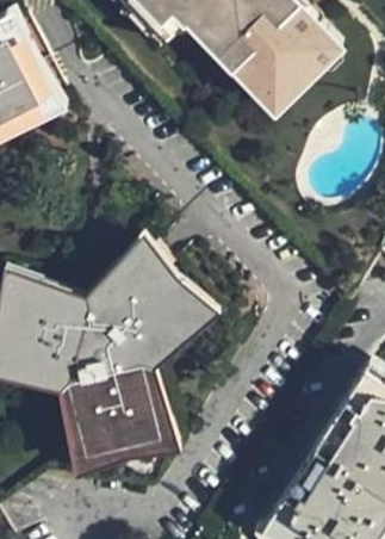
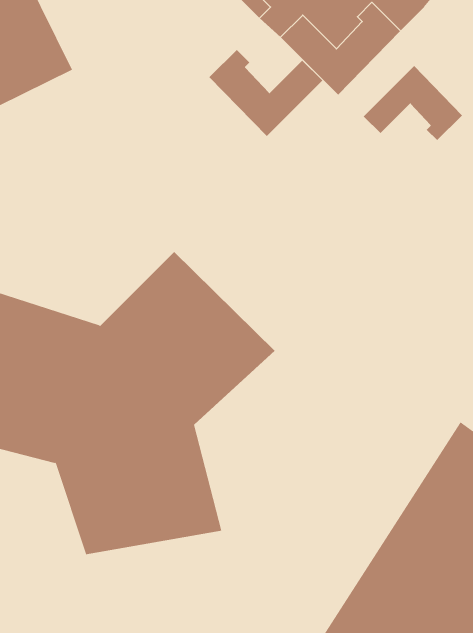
building: none -> [209,49,323,137]
building: none -> [363,65,463,141]

